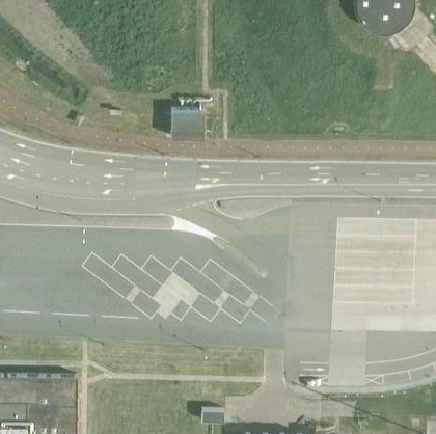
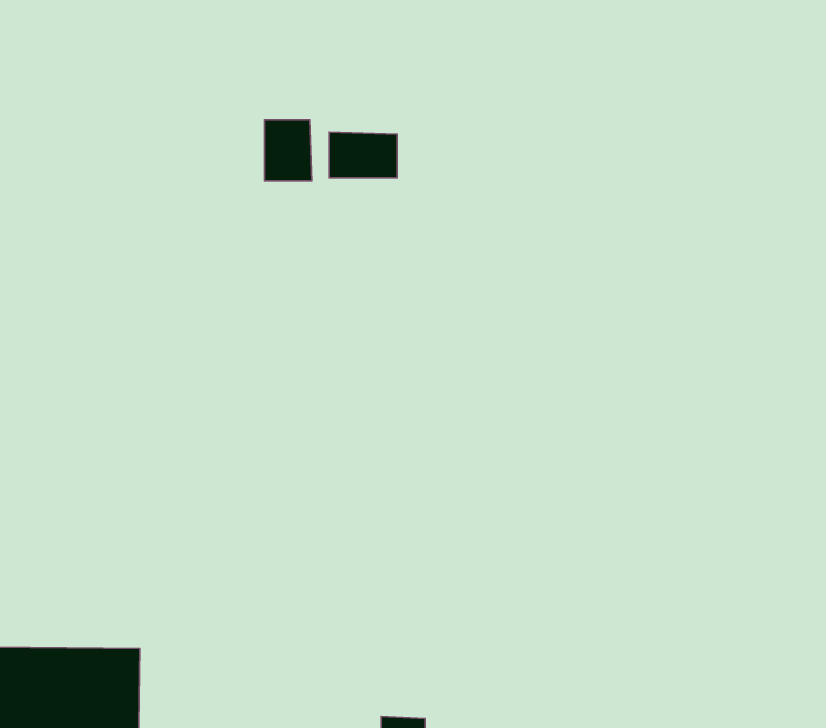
building: none -> [265,120,312,181]

